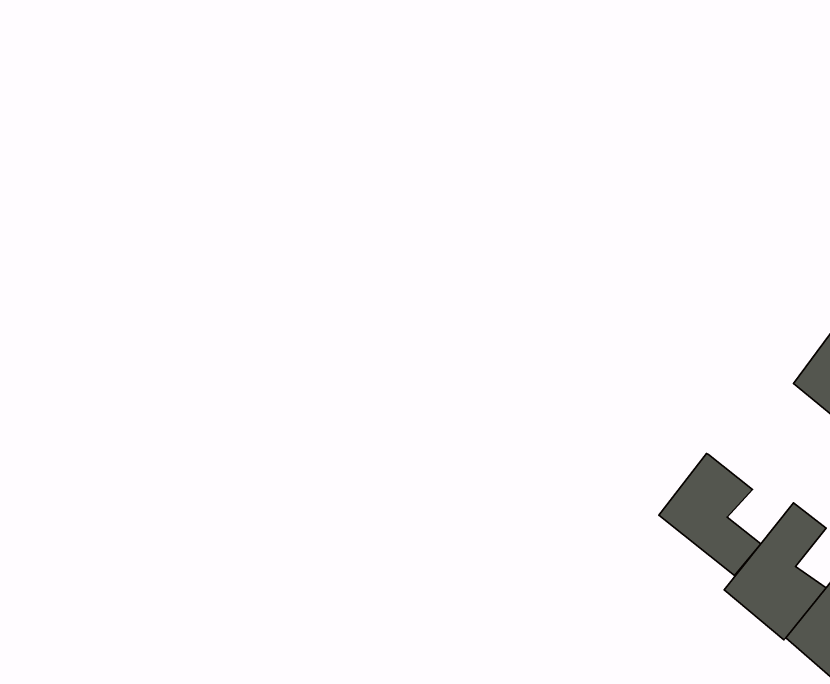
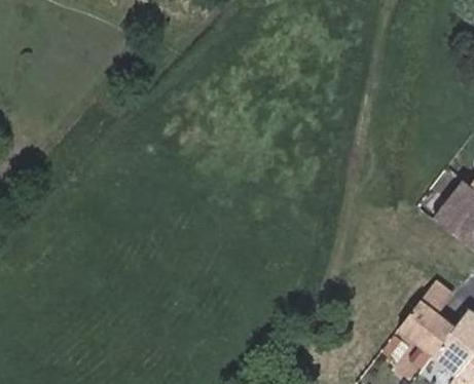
building: [659,453,761,576] -> none

